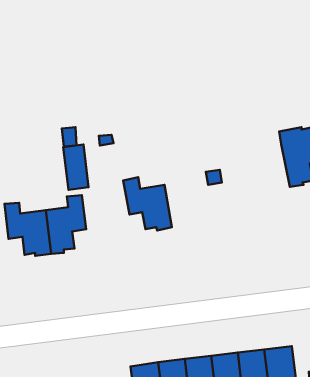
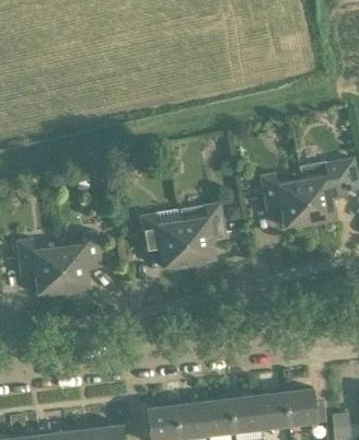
building: none -> [259,173,311,227]
building: [63,145,89,190] -> none
building: none -> [180,204,224,265]

